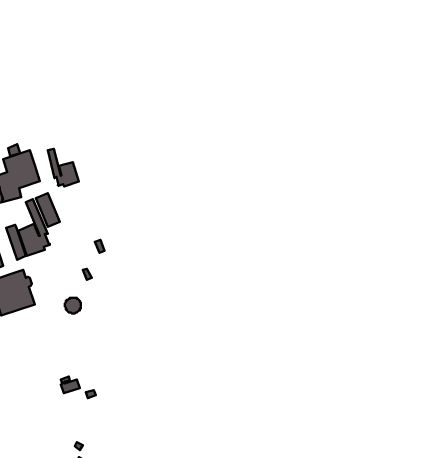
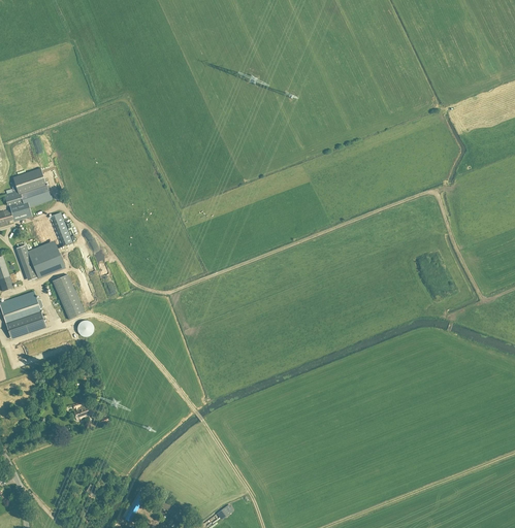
building: [48,149,79,186] -> none
building: none -> [52,273,84,319]

